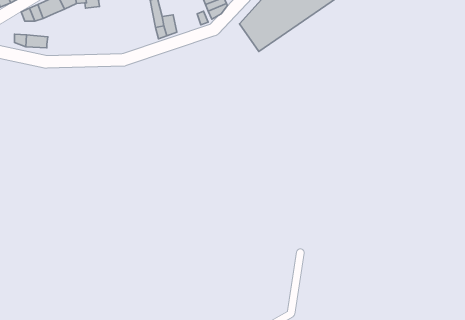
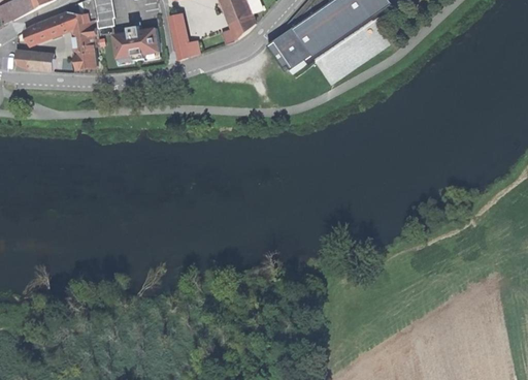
building: none -> [110,25,158,58]
building: none -> [73,34,96,68]

